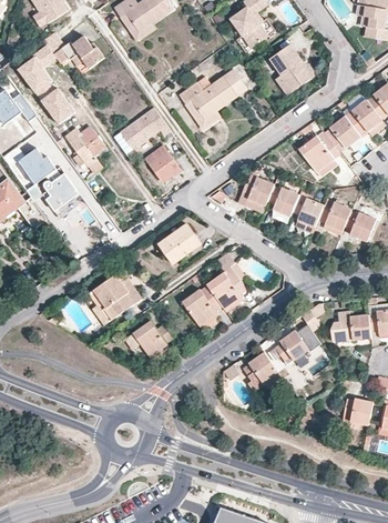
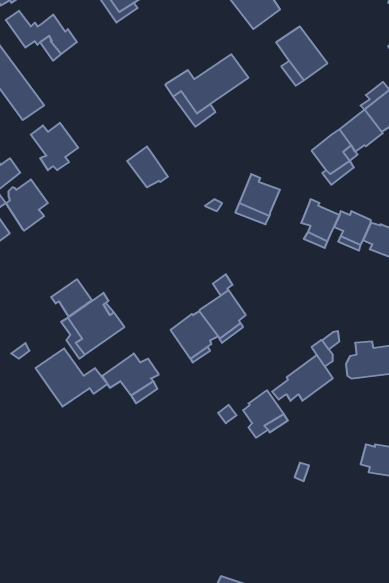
building: [121,109,171,149] -> none
building: [266,184,298,214] -> none
building: [157,225,201,265] -> none
building: none -> [51,279,92,317]
building: none -> [36,348,107,407]

